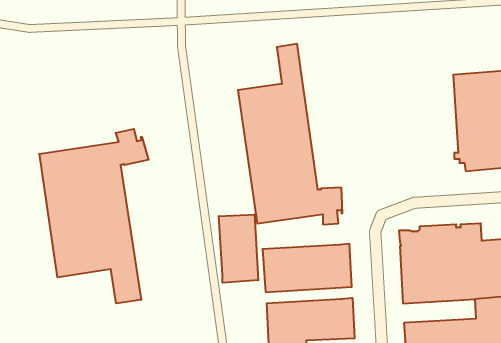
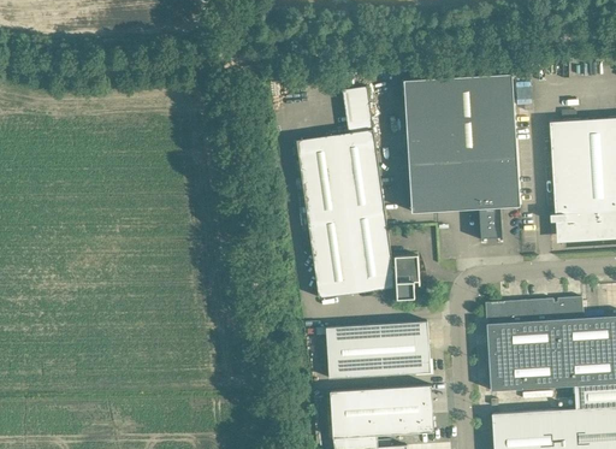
building: none -> [404,73,521,241]
building: [39,129,149,303] -> none
building: [219,214,258,283] -> none

